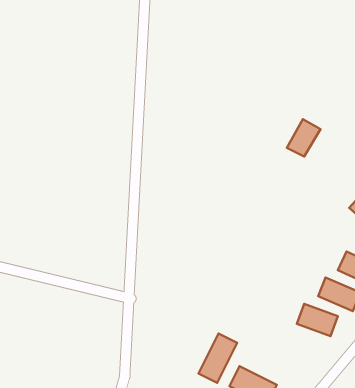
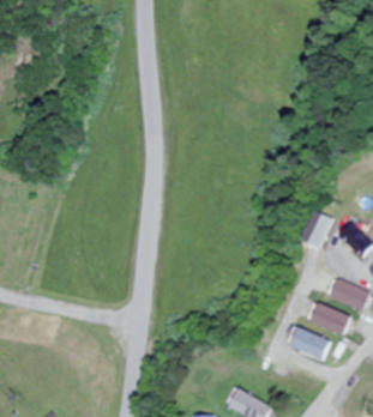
building: [287,119,320,157] -> [303,211,336,247]
building: [198,334,237,383] -> none

